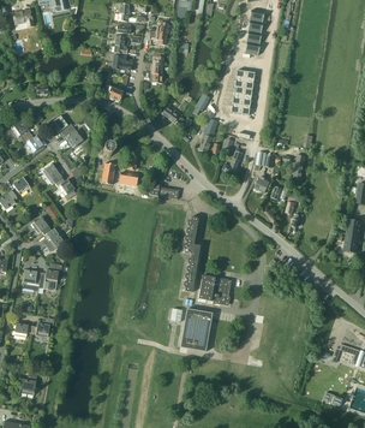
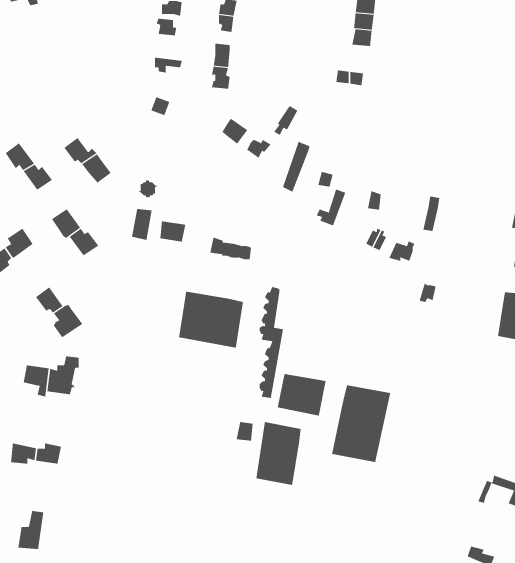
building: none -> [179,291,244,349]
building: none -> [332,384,391,463]

